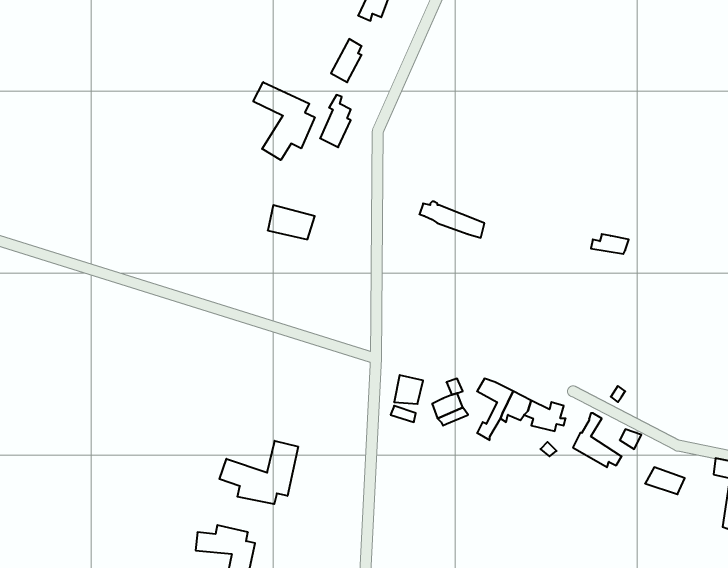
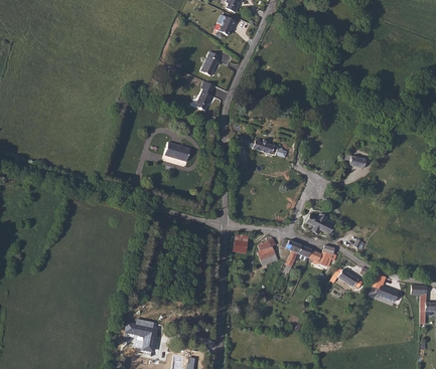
building: [253,82,315,160] -> none
building: none -> [303,213,332,235]
building: [219,441,298,504] -> none

